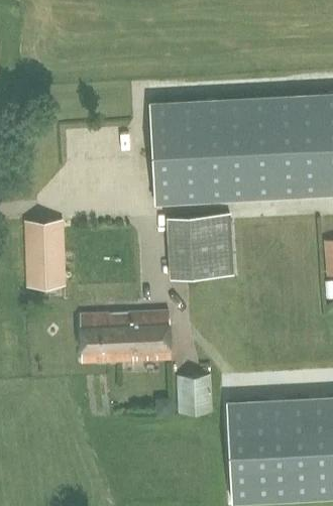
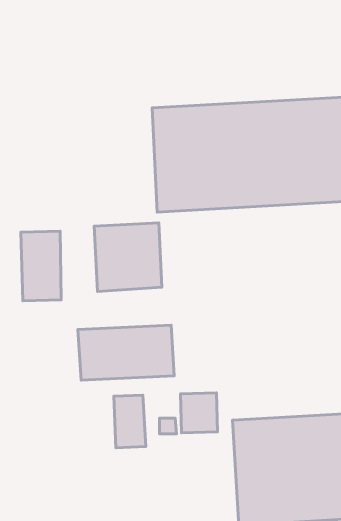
building: [168,215,232,280] -> [94,223,162,291]
building: none -> [114,395,146,448]

